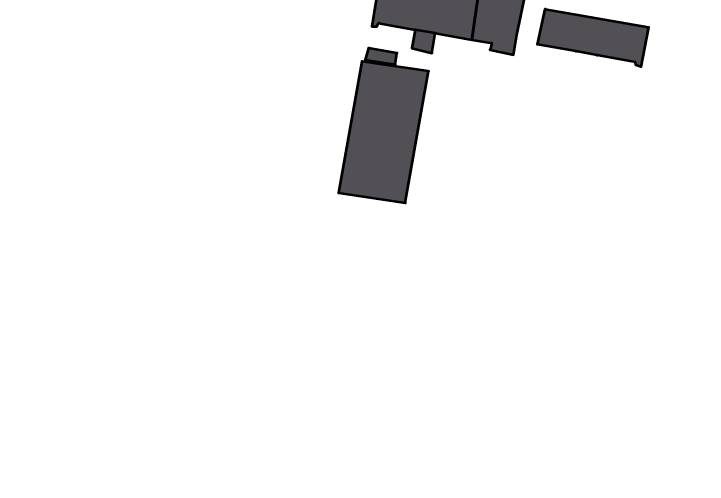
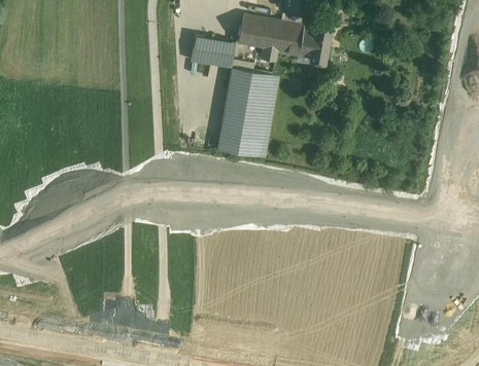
building: none -> [193,36,237,69]
building: [537,9,649,67] -> none

